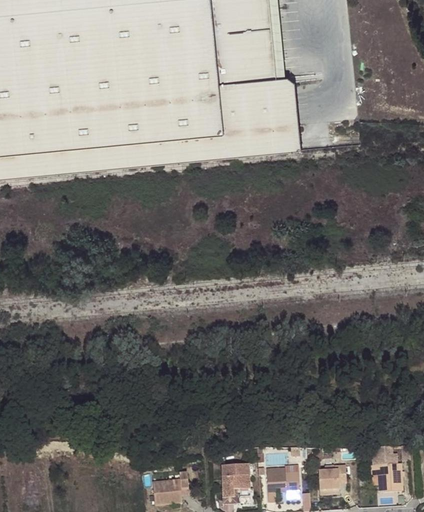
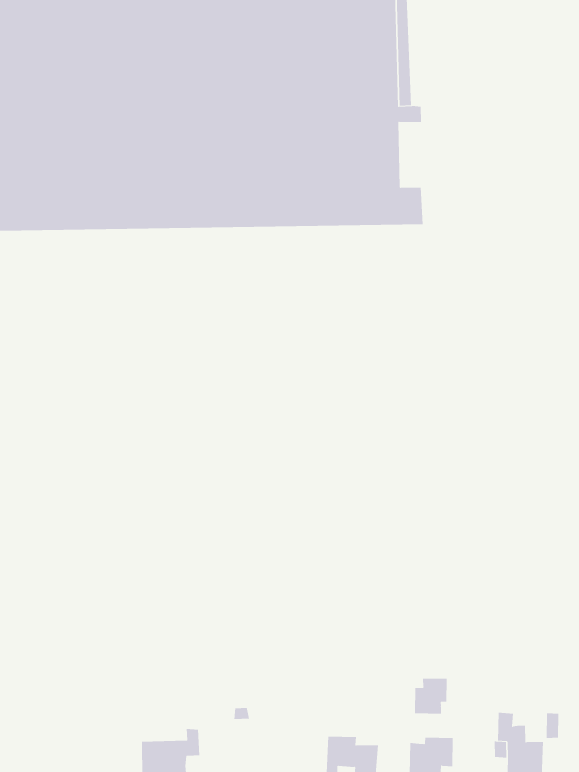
building: [281,86,298,127] -> none
building: none -> [414,678,447,714]
building: [220,464,249,491] -> none

